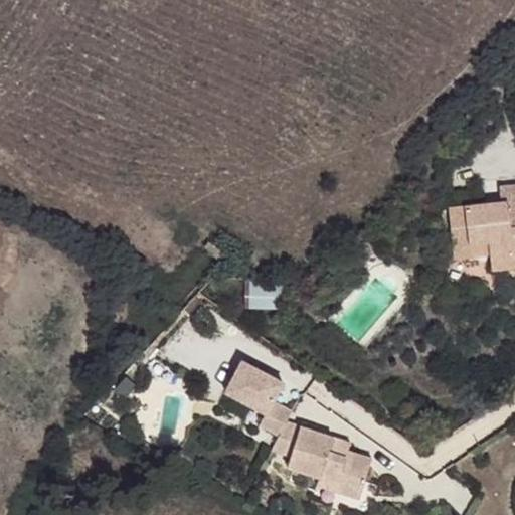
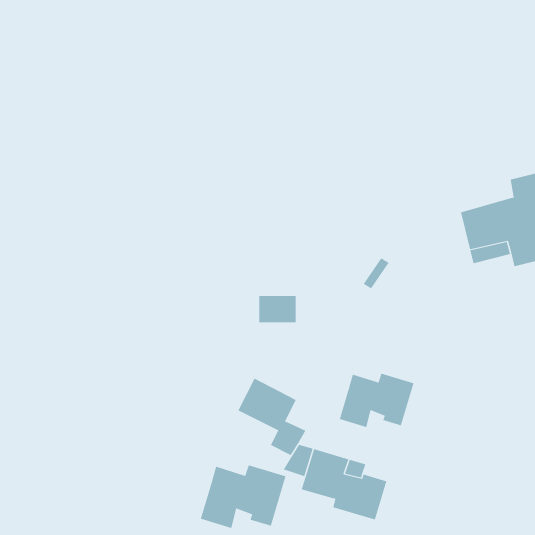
building: none -> [339,373,414,428]
building: none -> [200,464,286,529]

